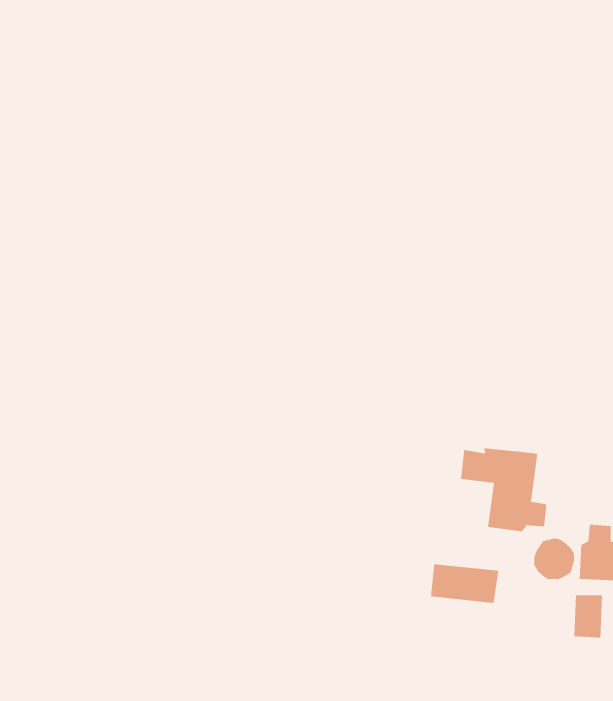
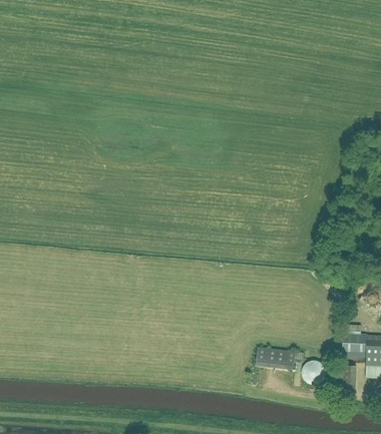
building: [460,447,547,532] -> none
building: [533,538,575,579] -> [302,360,326,384]

